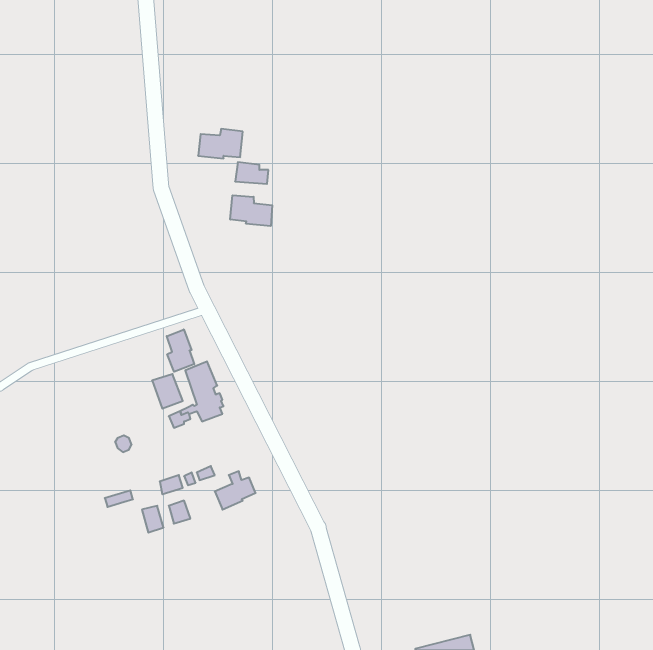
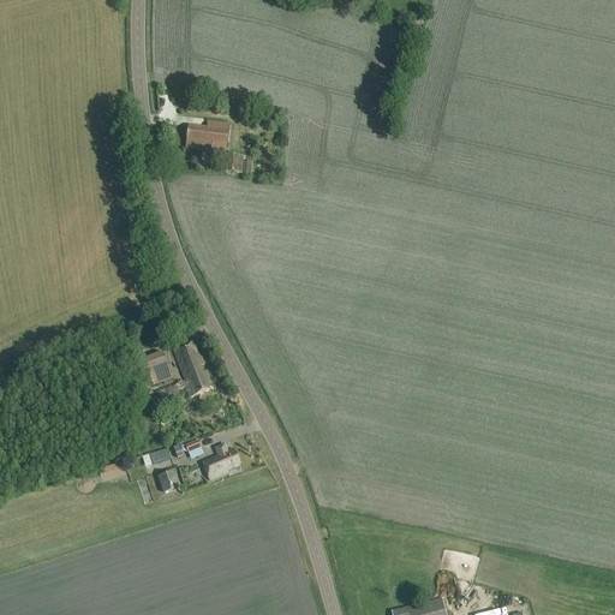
building: [230,195,272,226] -> none
building: [167,329,194,372] -> none

